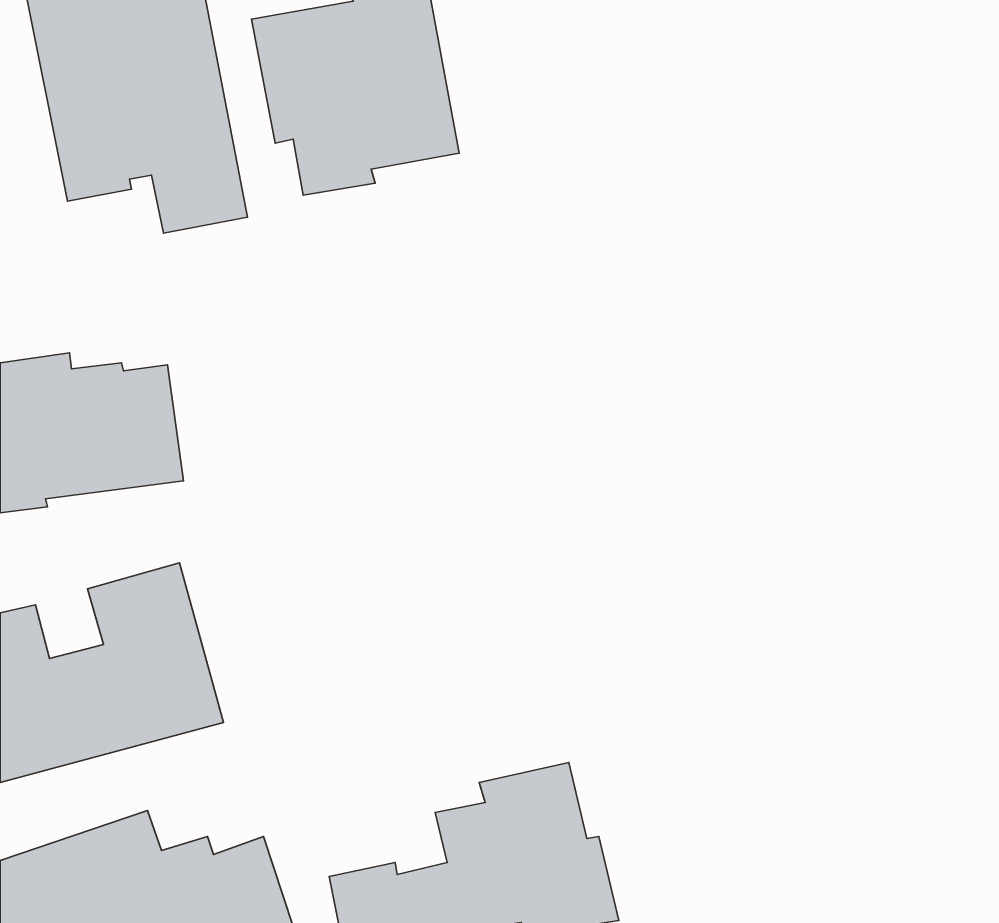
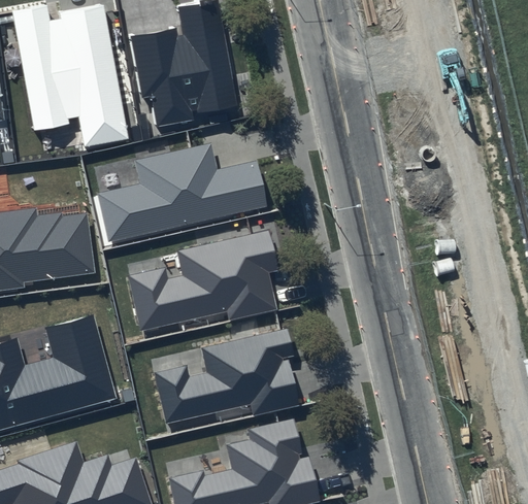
building: none -> [97,144,267,243]
building: none -> [128,230,278,331]
building: none -> [153,326,301,427]

